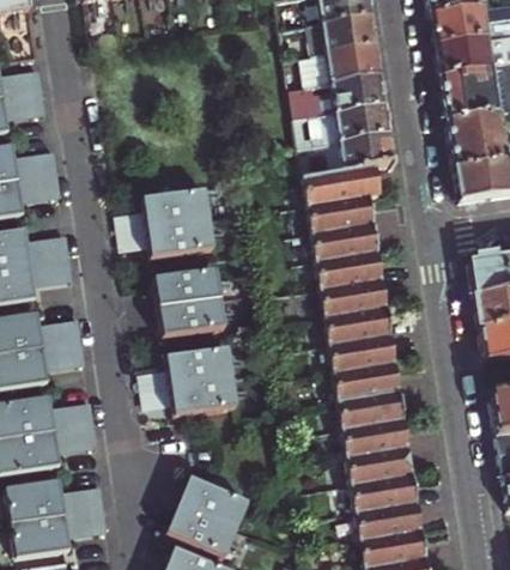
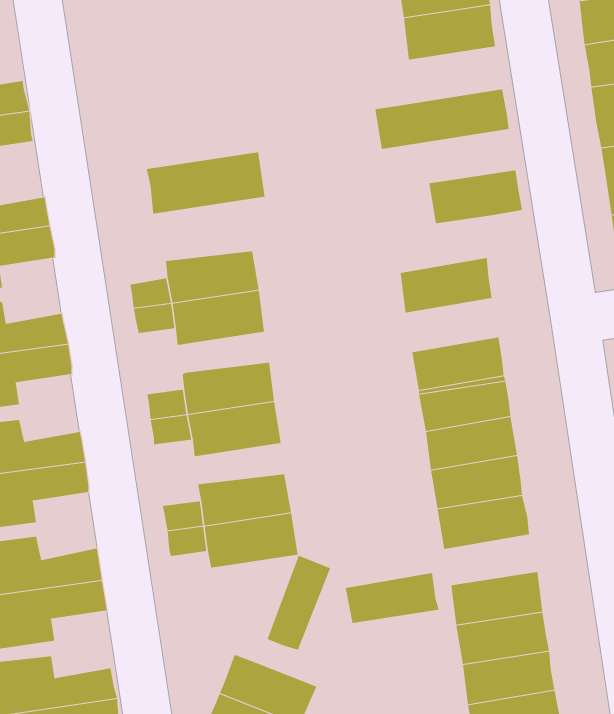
building: [302,46,381,87] -> none
building: [295,104,390,146] -> none
building: none -> [146,151,265,214]
building: [303,165,378,206] -> none
building: [311,224,378,262] -> none
building: [339,392,406,428] -> [345,573,440,623]
building: none -> [267,555,331,651]

